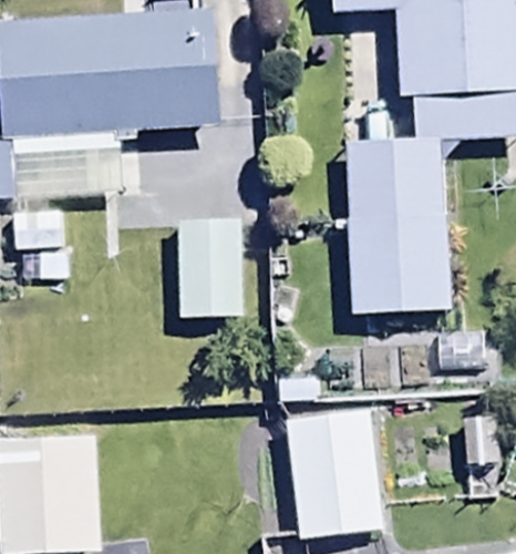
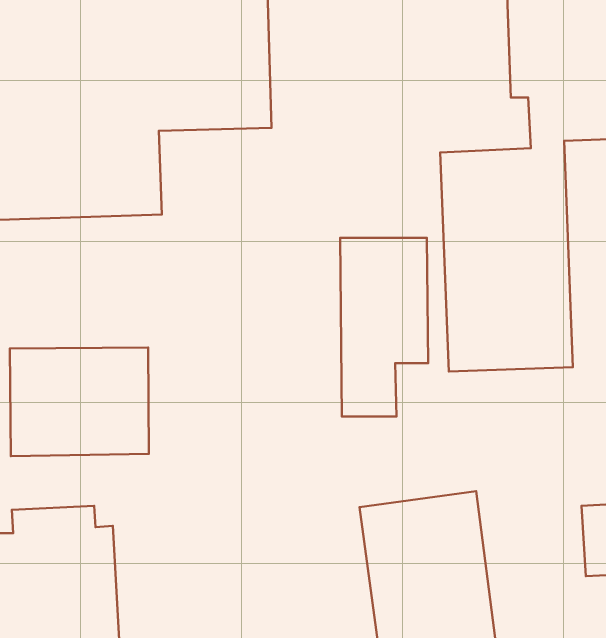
building: [174,218,241,356] -> [340,238,428,417]
building: none -> [10,348,149,456]

